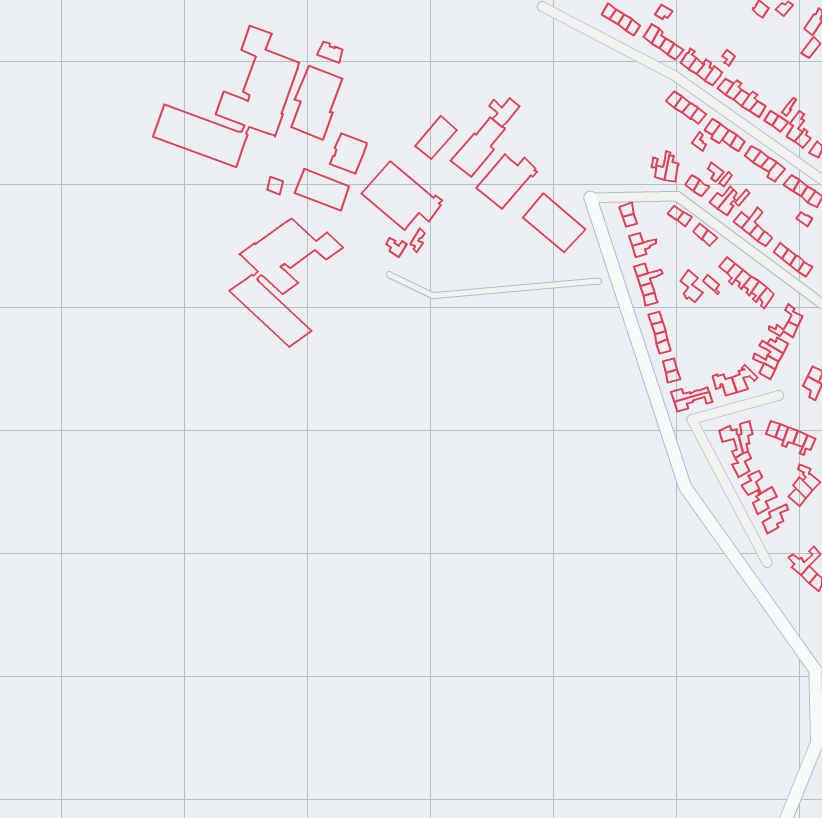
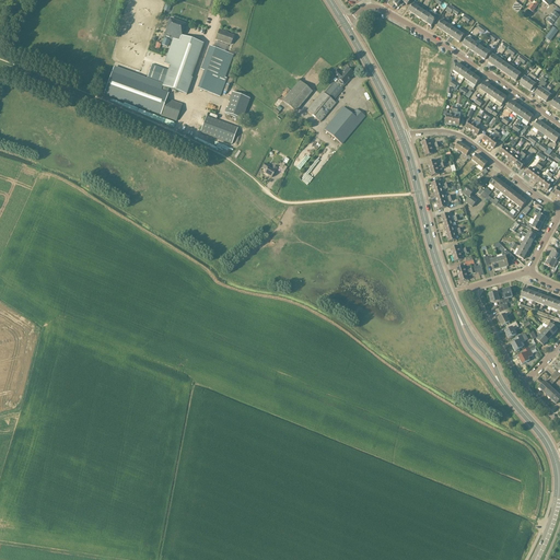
building: [361,161,442,230] -> none
building: [523,193,585,252] -> none
building: [229,219,343,347] -> none

